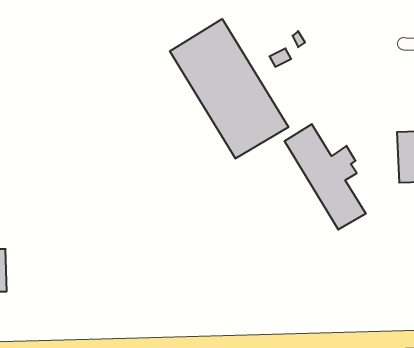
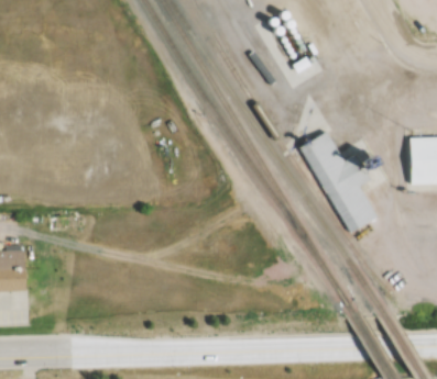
building: [170,19,288,159] -> none

